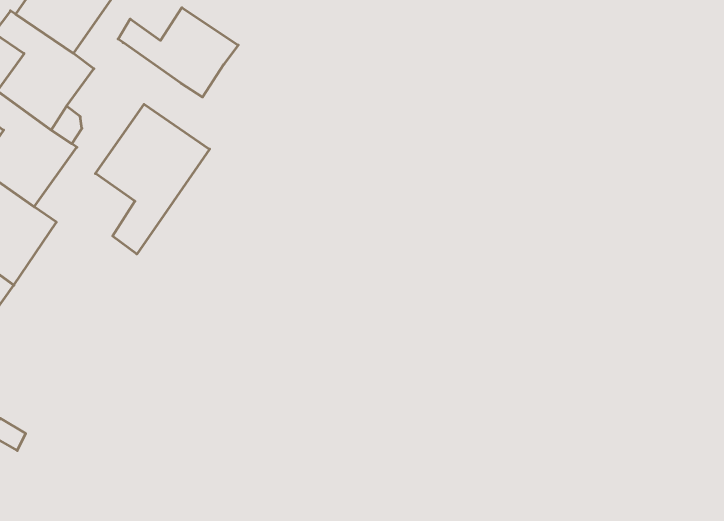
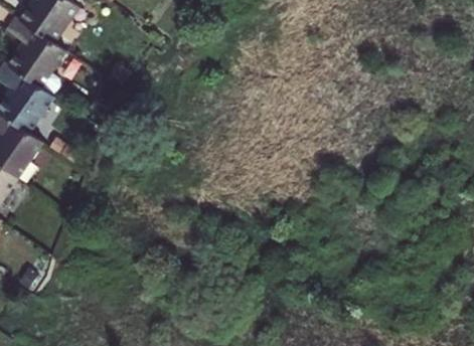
building: [118,8,238,97] -> none
building: [95,104,210,254] -> none

